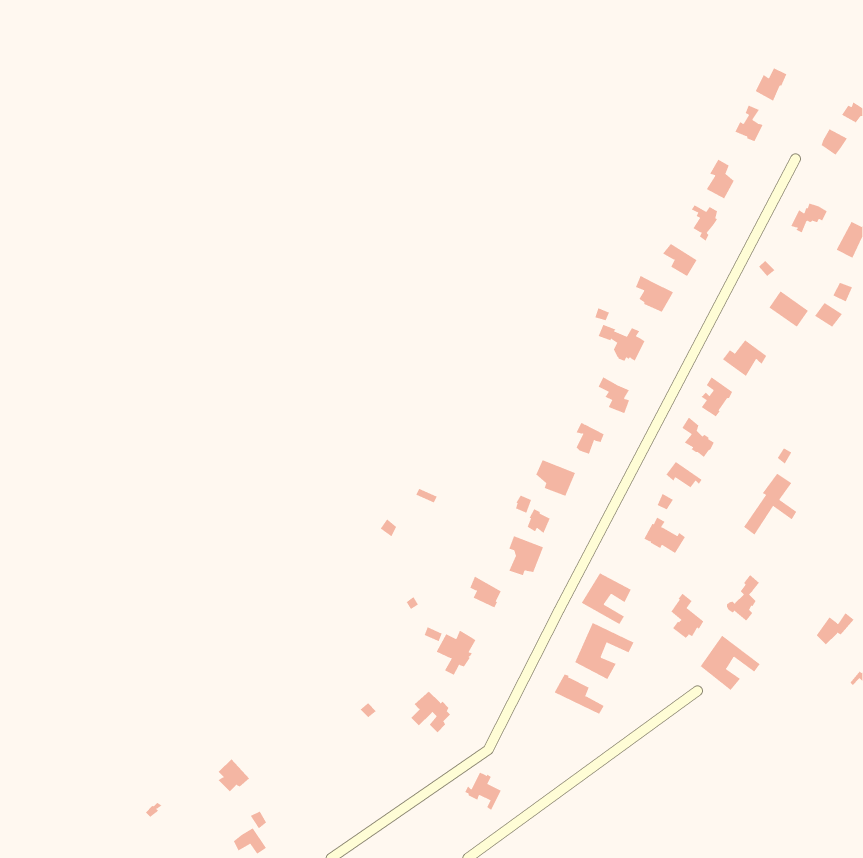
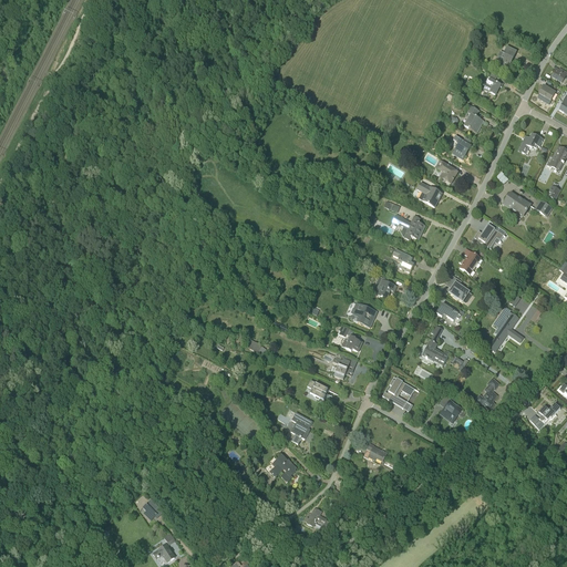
building: [575,622,634,680] -> none
building: [700,635,760,691] -> none

